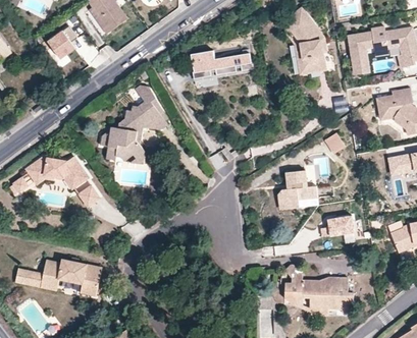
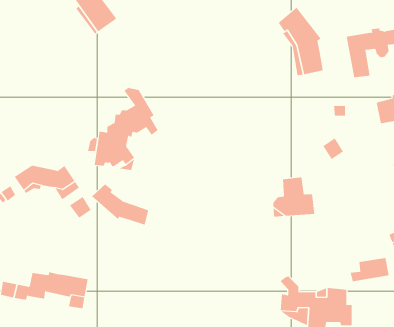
building: [46,30,77,64] -> none
building: [189,48,252,79] -> none
building: none -> [91,183,149,225]
building: [319,215,357,238] -> [350,258,389,282]

